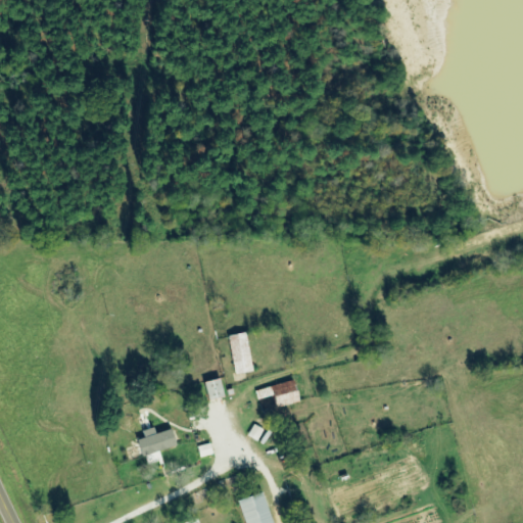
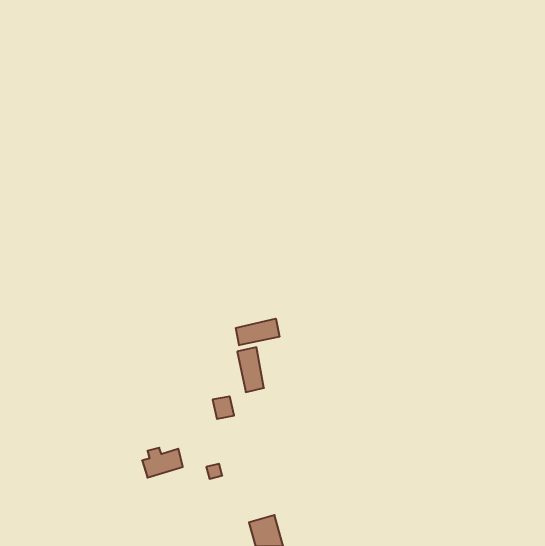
building: none -> [236,319,279,345]
building: [256,381,299,408] -> none

